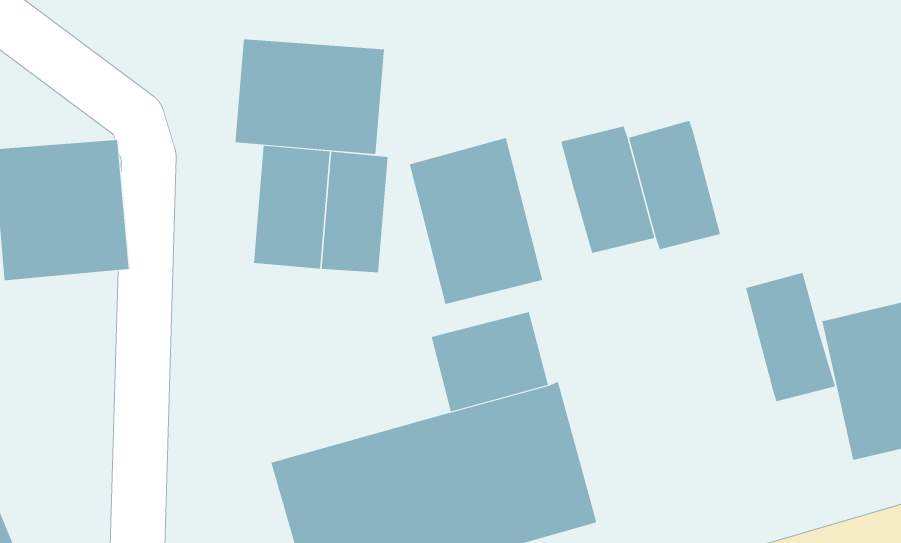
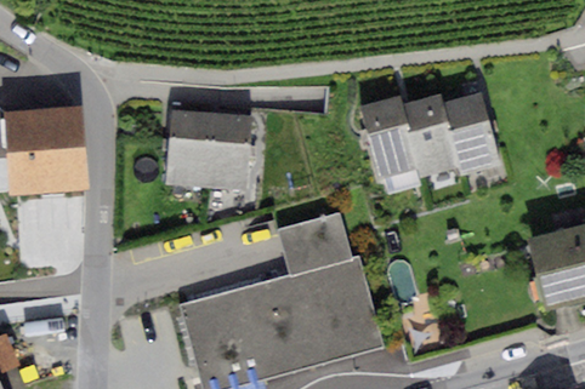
building: [235,39,384,155] -> none
building: [409,137,543,305] -> none
building: [745,272,836,402] -> [443,91,500,172]

